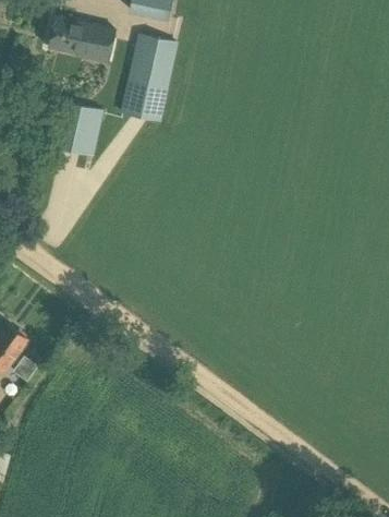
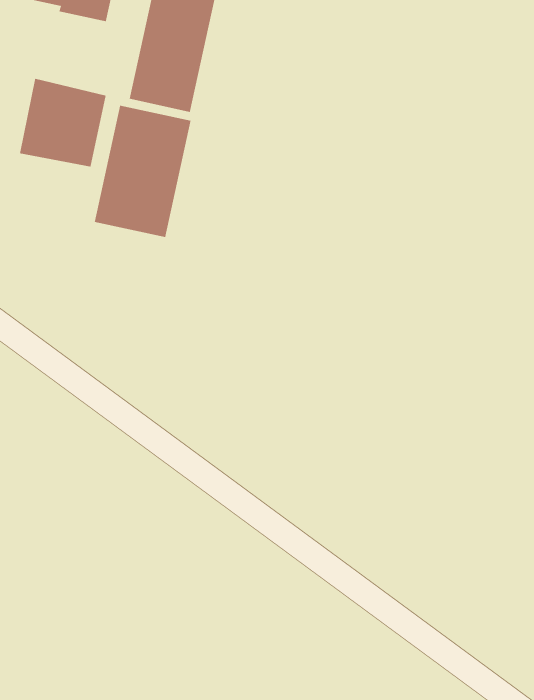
building: none -> [94,105,191,238]

